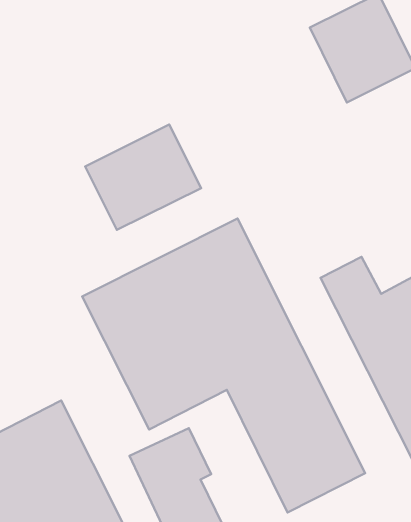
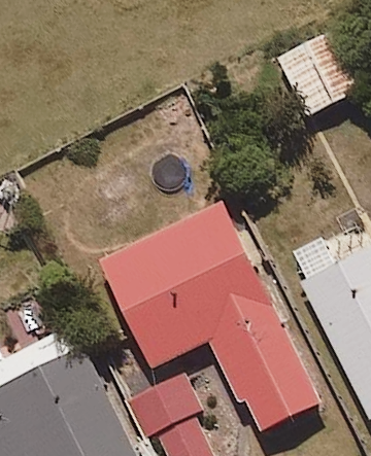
building: [85,125,201,230] -> none

